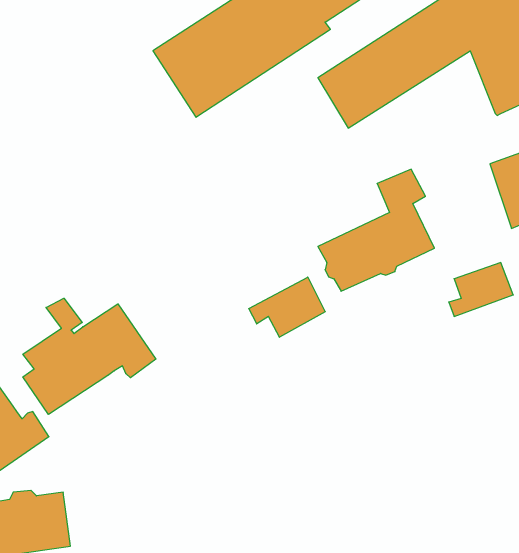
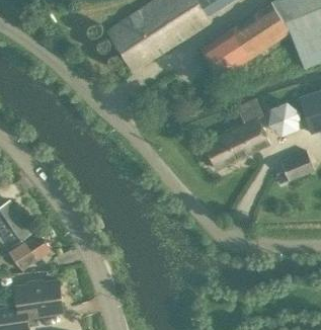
building: none -> [267,100,301,136]
building: [249,277,325,337] -> none
building: [23,298,156,414] -> none

